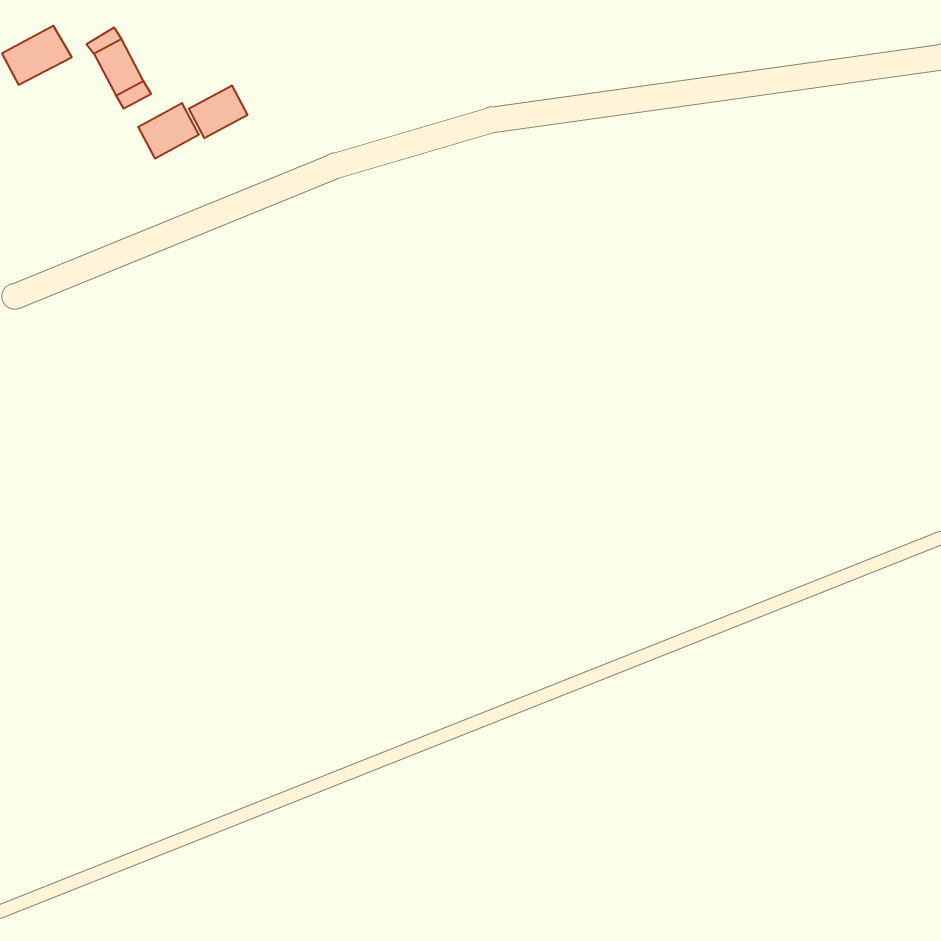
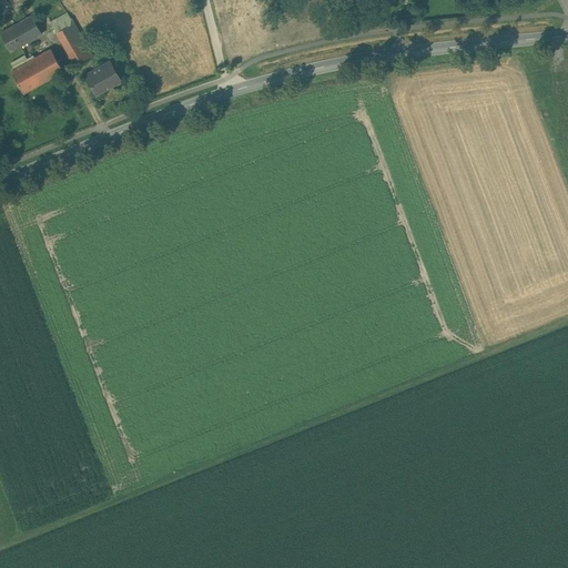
building: none -> [10,49,62,92]
building: [189,85,247,138] -> none

